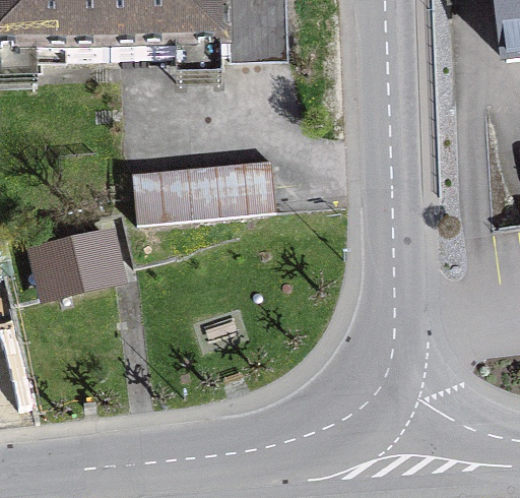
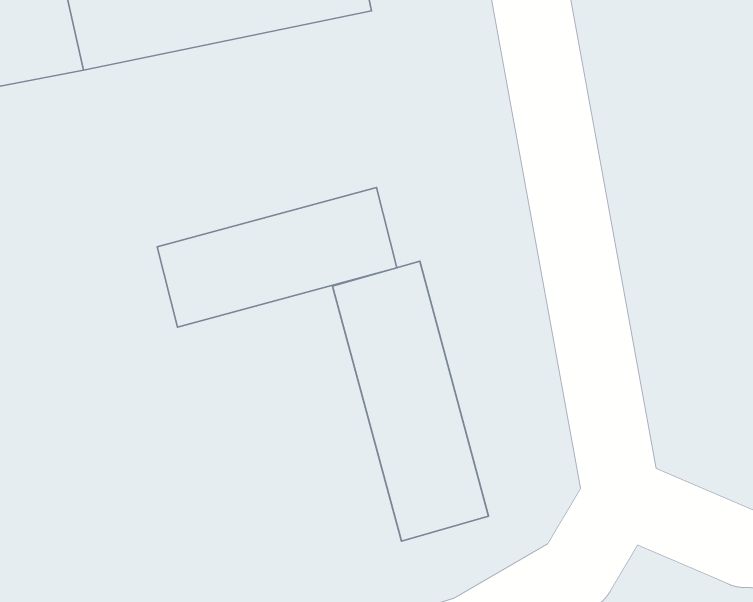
building: none -> [333,261,489,541]
building: [35,229,118,291] -> none

